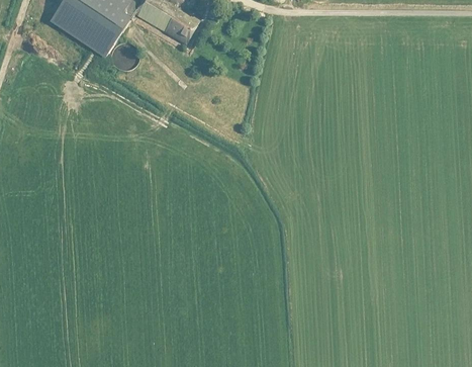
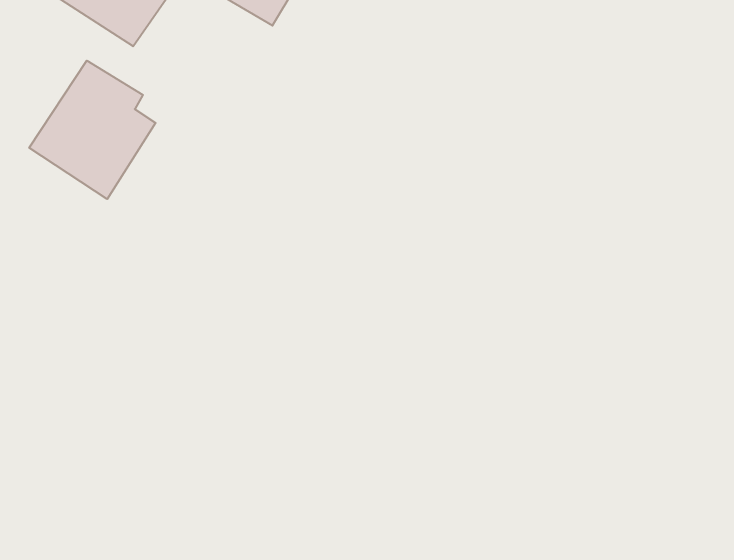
building: none -> [29,61,156,199]

